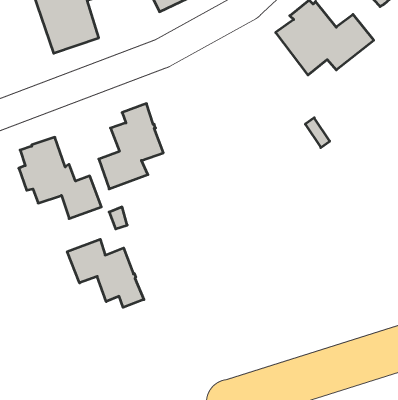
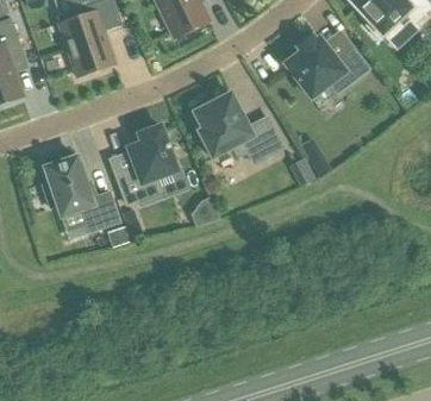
building: none -> [194,90,283,161]
building: [67,239,144,307] -> none

